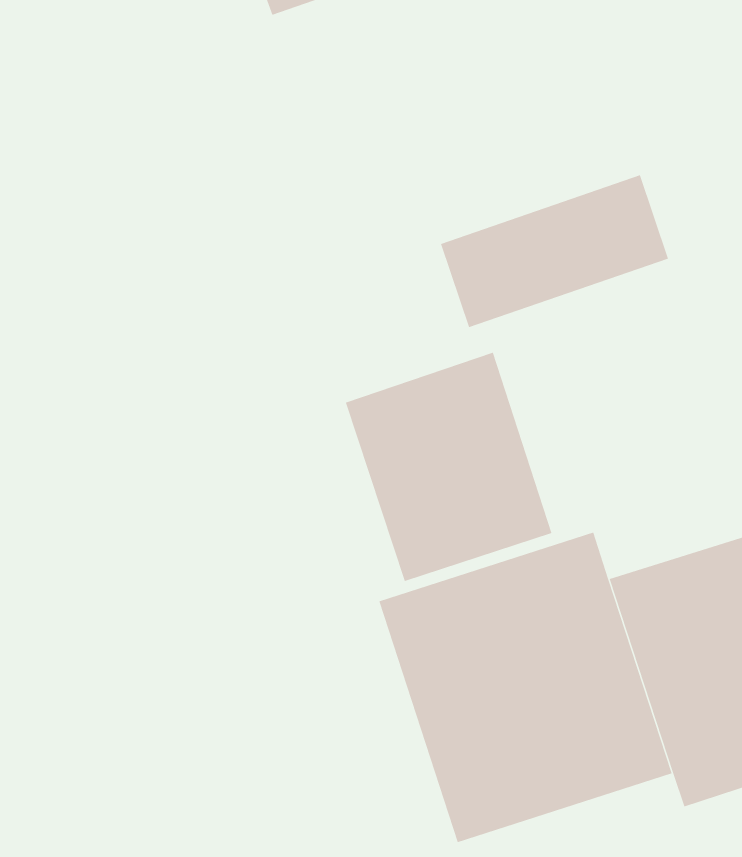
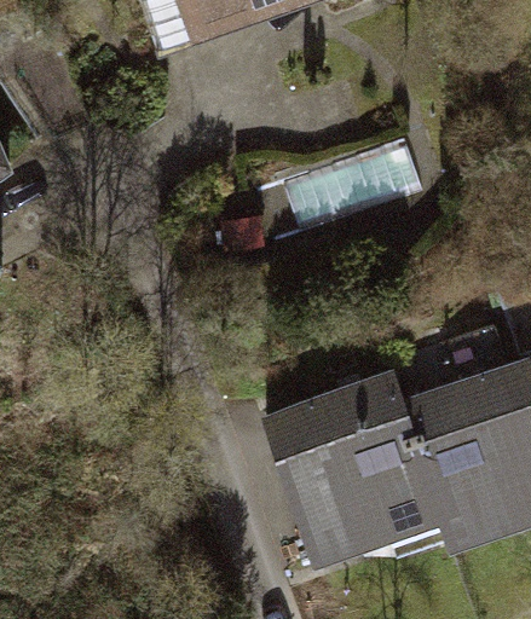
building: [345,352,552,582] -> none

